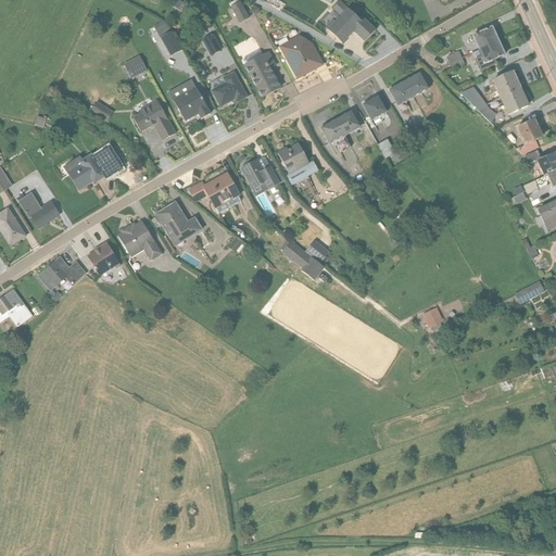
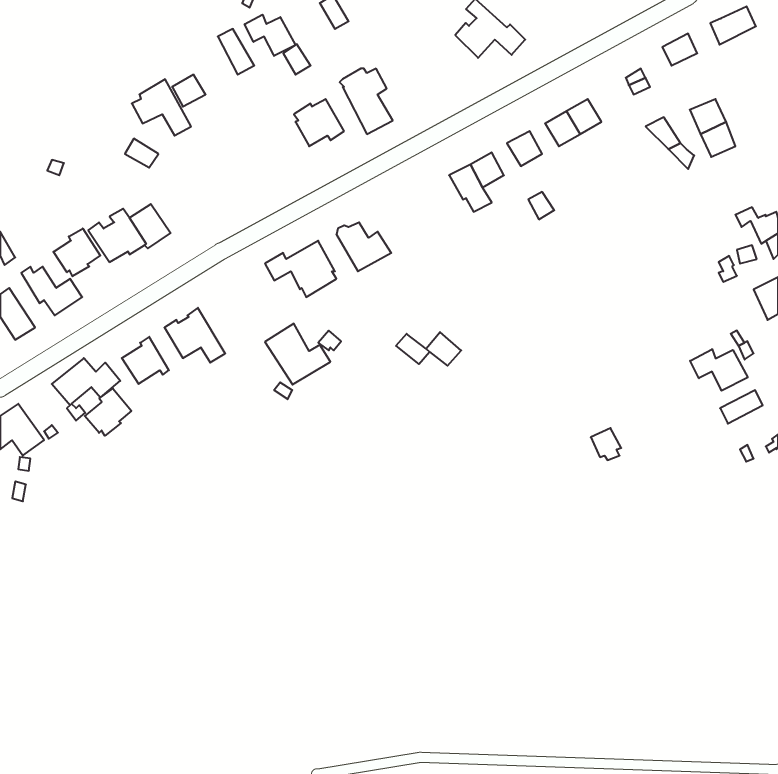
building: none -> [245,15,295,56]
building: [280,33,321,76] -> none
building: [471,38,504,65] -> [710,6,756,45]
building: [173,85,210,119] -> none
building: [132,98,175,138] -> [132,79,191,136]
building: [515,117,542,152] -> none
building: [277,141,318,184] -> none
building: none -> [53,228,100,276]
building: [155,200,202,243] -> [265,324,330,385]
building: none -> [690,349,748,391]
building: none -> [85,388,131,436]

